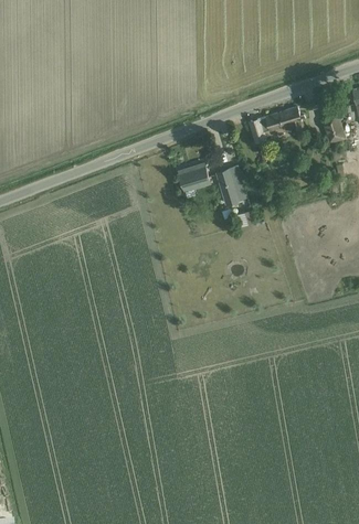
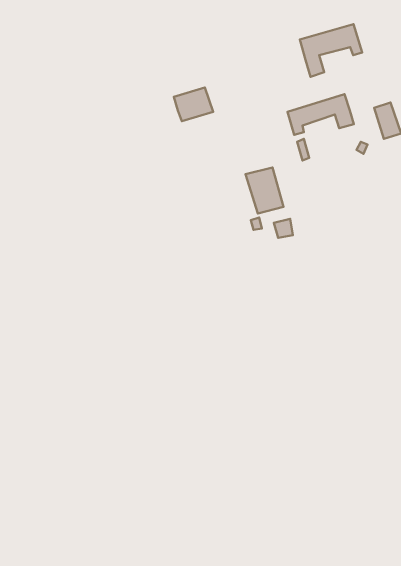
building: none -> [300,24,362,77]
building: [179,159,211,186] -> [174,87,213,121]

